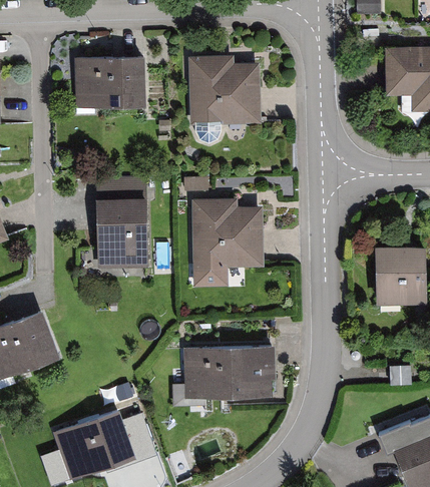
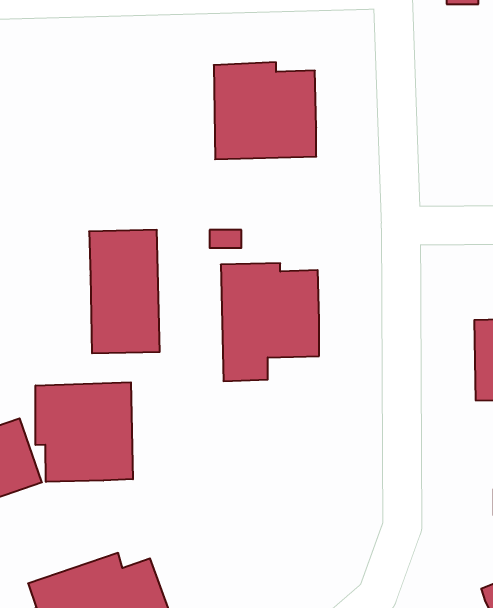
building: [73,57,144,105] -> none
building: none -> [36,382,133,482]
building: [183,348,274,399] -> none

